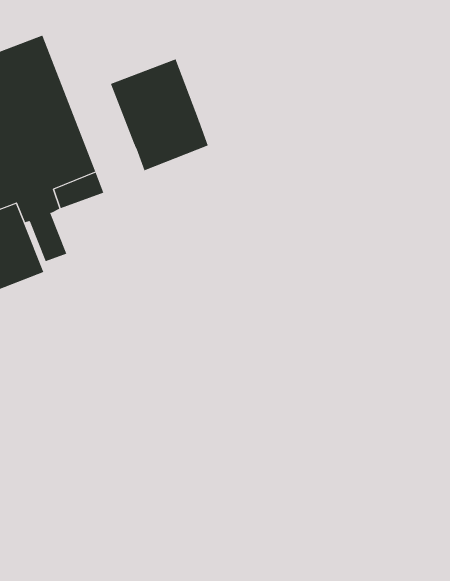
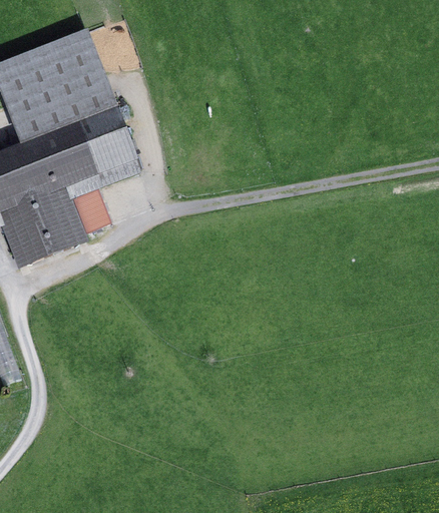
building: [110,59,208,171] -> none

